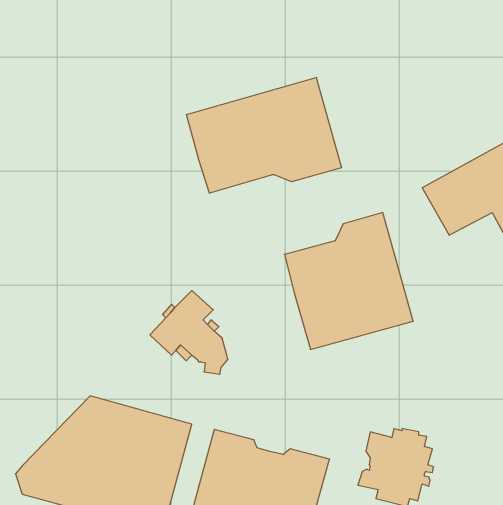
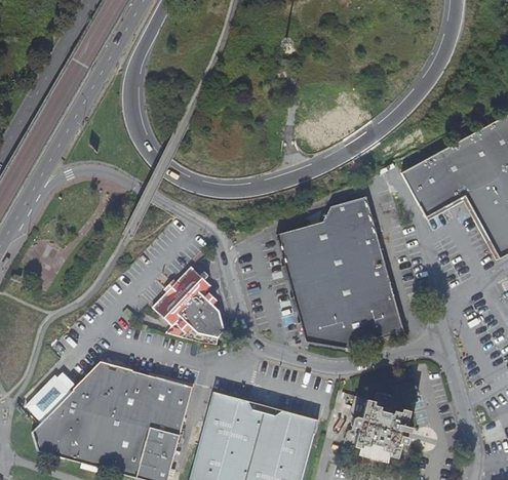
building: [186,77,342,193] -> none
building: none -> [301,293,404,347]

